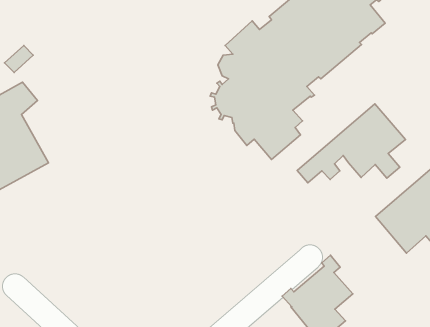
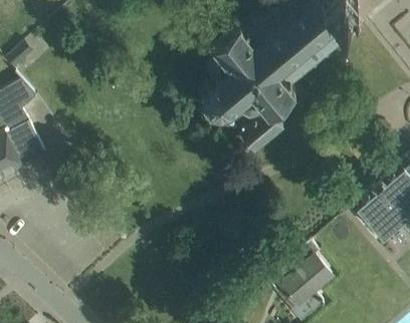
building: [297,104,405,183] -> none

